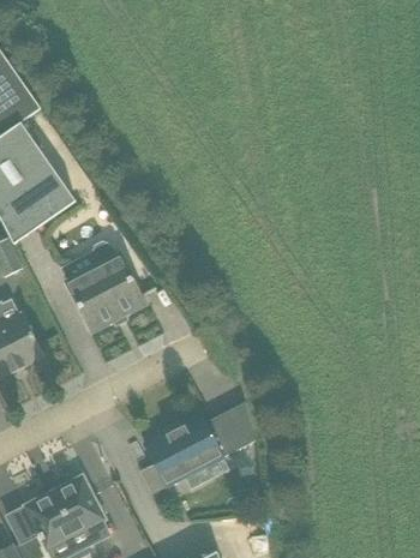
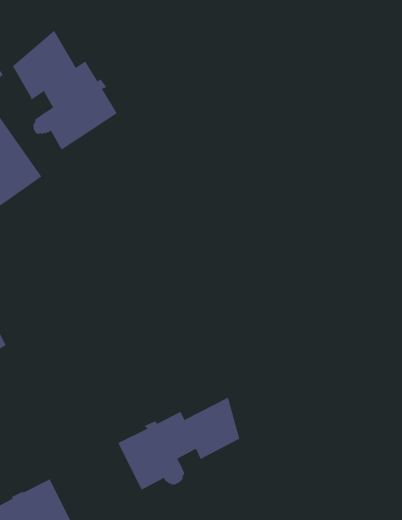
building: none -> [12,30,118,151]
building: [65,241,144,330] -> none

